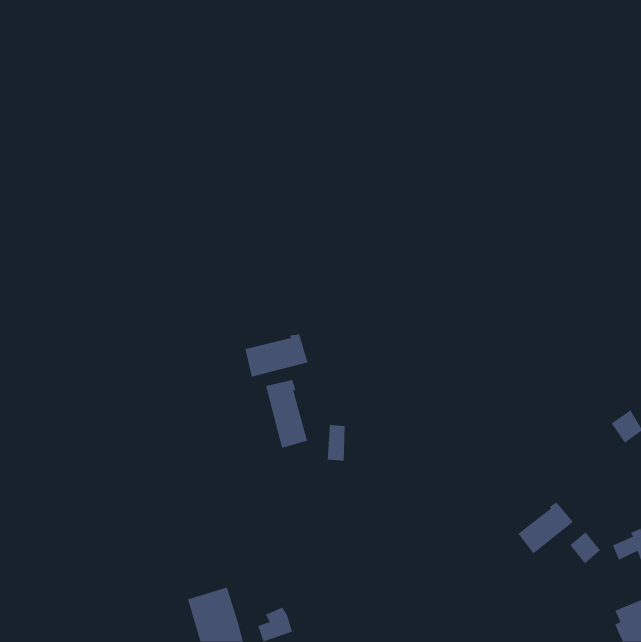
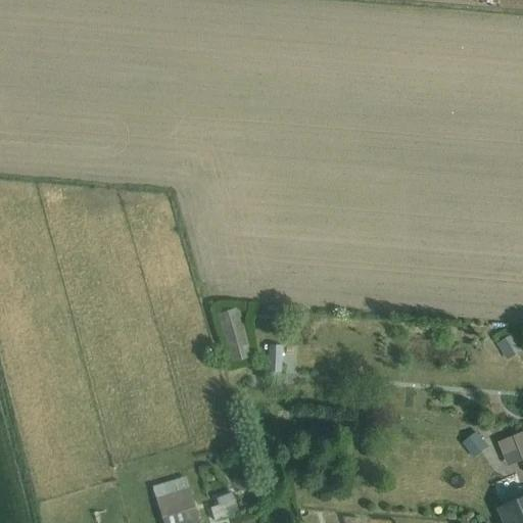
building: [245,333,308,377] -> none
building: [518,501,574,554] -> none

